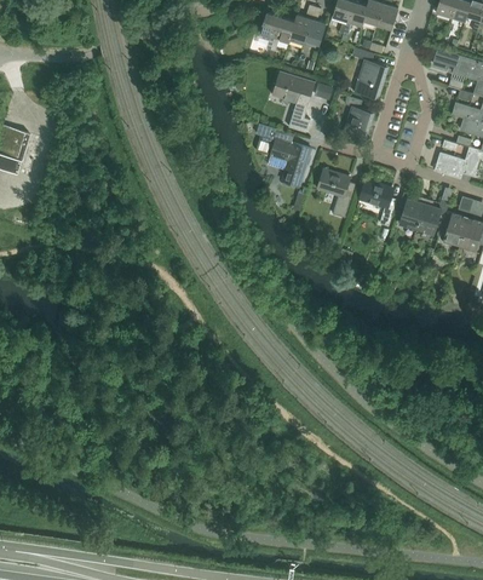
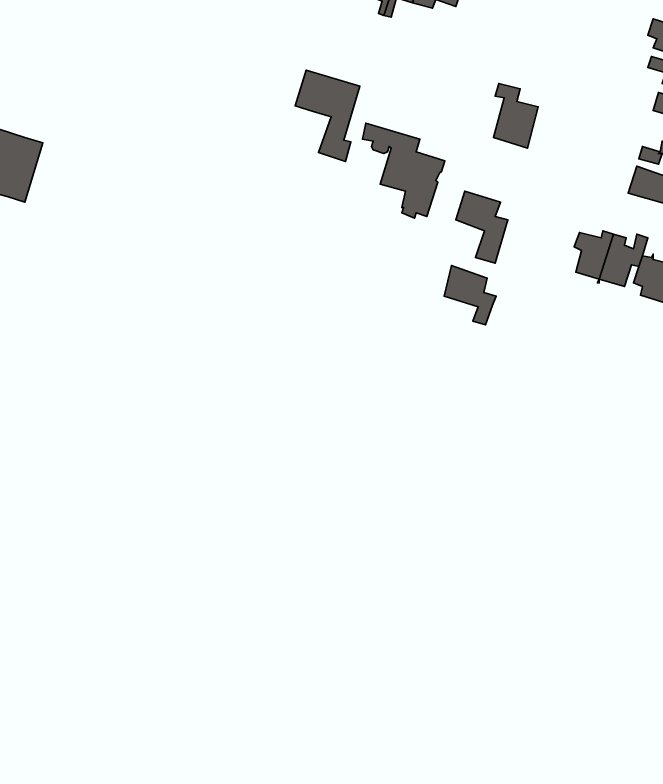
building: [351,48,391,101] -> none
building: [272,71,316,133] -> [295,70,360,162]
building: [362,179,397,219] -> [444,266,496,325]

